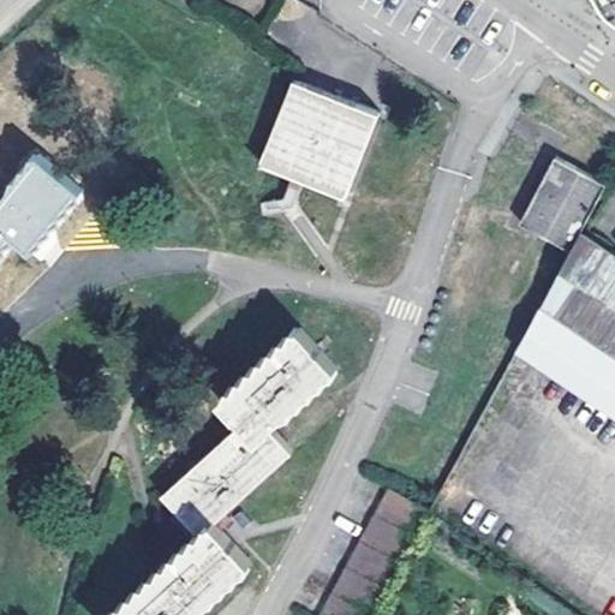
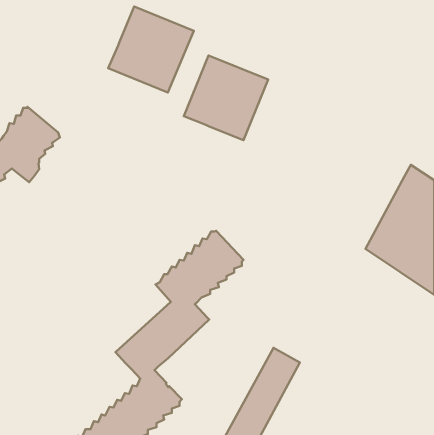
building: none -> [108,6,194,93]
building: [519,159,603,251] -> none

